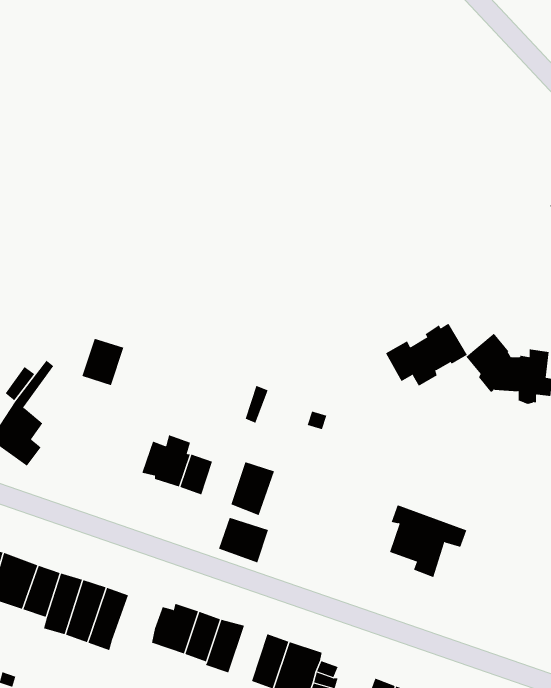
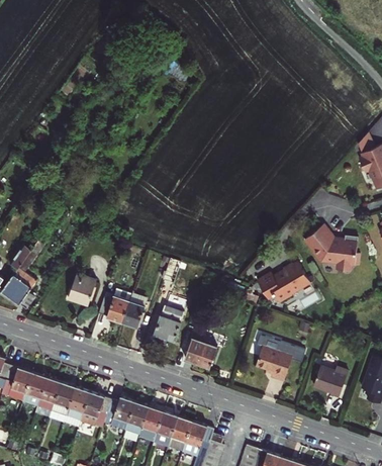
building: [385,323,468,387] -> [258,263,310,303]
building: [81,338,124,386] -> [68,276,95,306]
building: [218,517,269,563] -> [185,339,217,368]
building: none -> [313,366,349,397]
building: none -> [80,392,111,428]
building: none -> [154,411,178,447]

